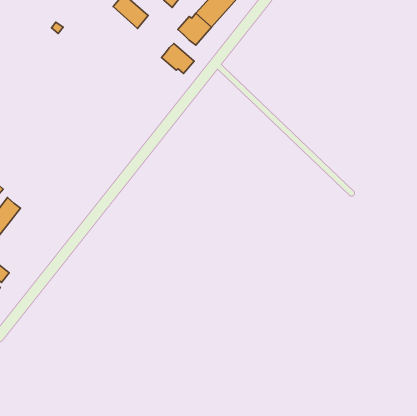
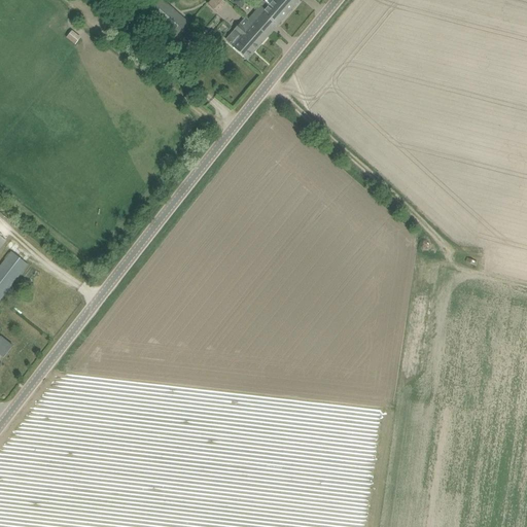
building: [162,43,194,74] -> none

